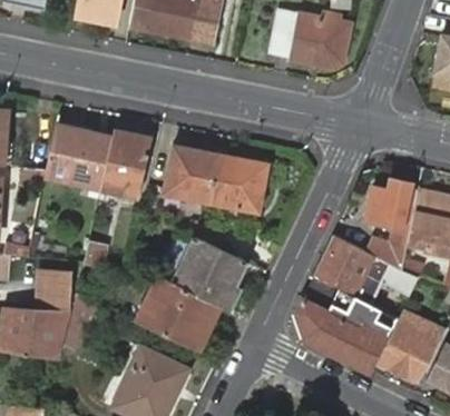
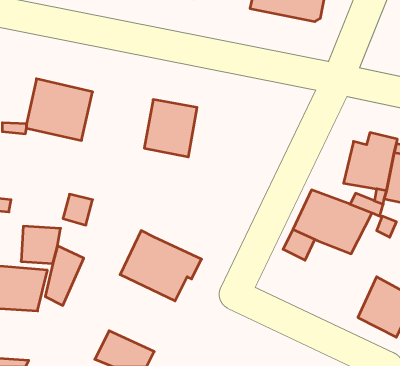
building: [100,130,151,194] -> none
building: [208,152,268,211] -> none
building: [174,238,245,309] -> none
building: [296,287,399,373] -> none
building: [128,347,189,399] -> none

